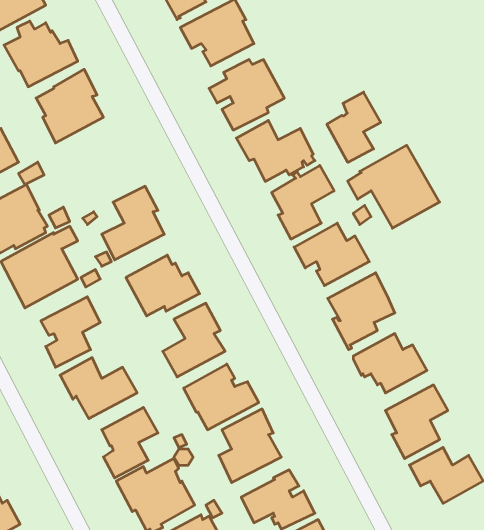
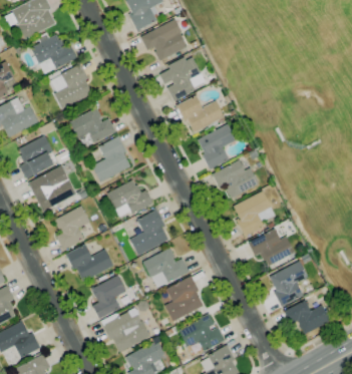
building: [327,92,381,162] -> none
building: none -> [69,107,115,147]
building: [348,145,440,228] -> none

